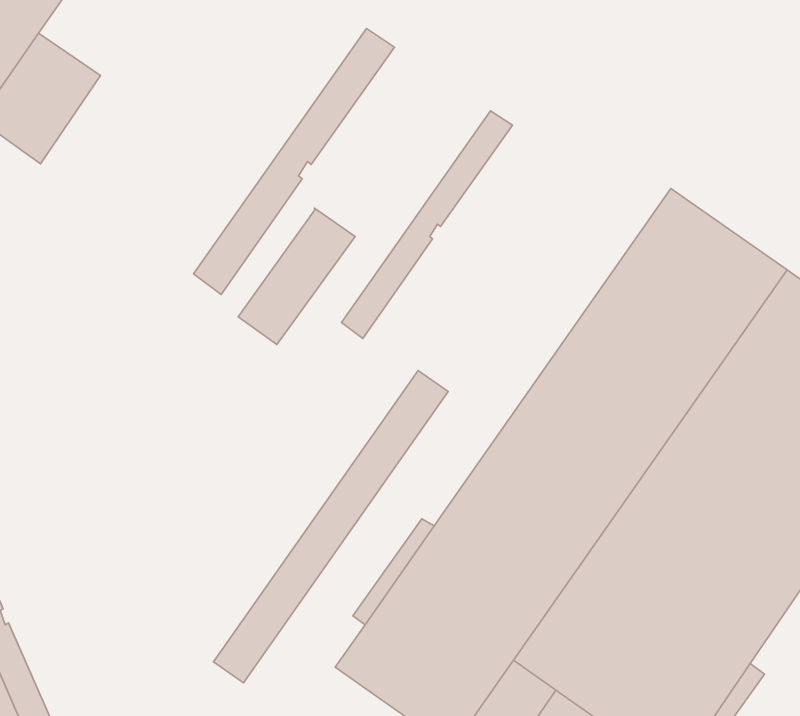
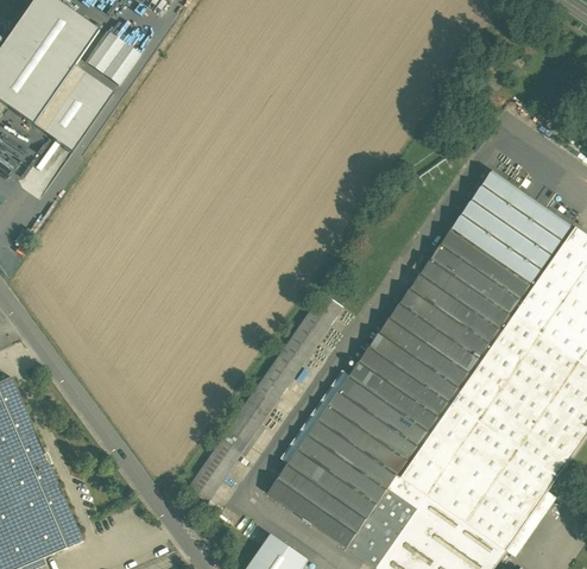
building: [193,29,395,294] -> none
building: [341,111,512,339] -> none
building: [238,208,355,345] -> none

